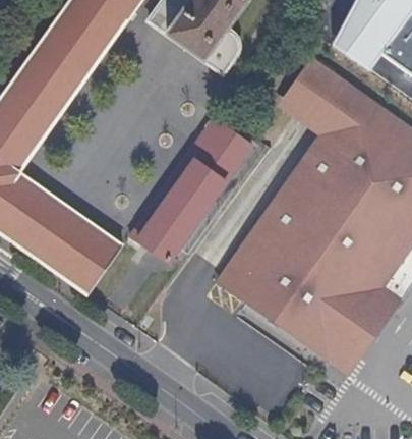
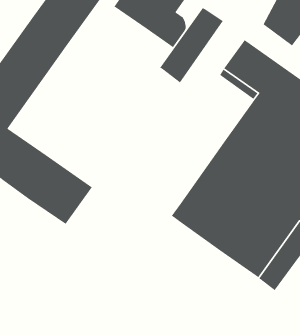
building: none -> [159,7,224,84]
building: [130,118,250,261] -> none

